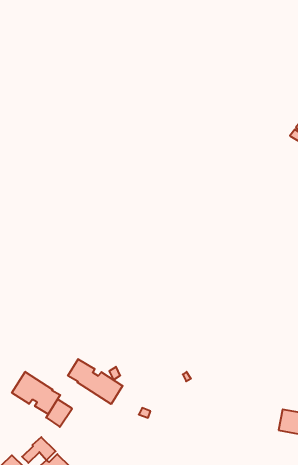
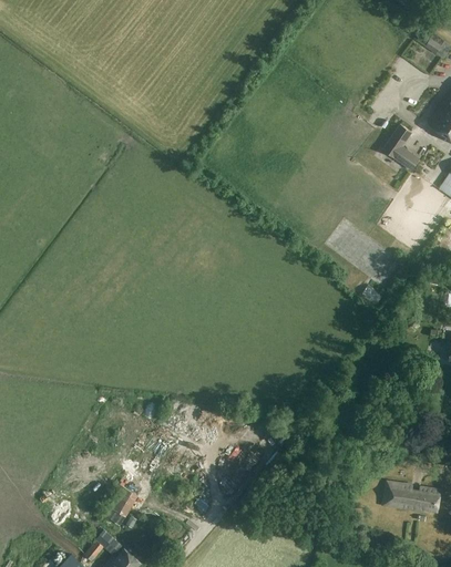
building: [68,359,123,404] -> none
building: [12,372,60,414] -> none

